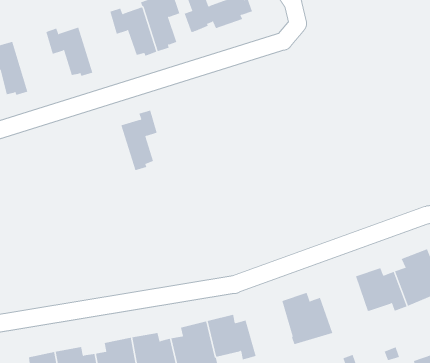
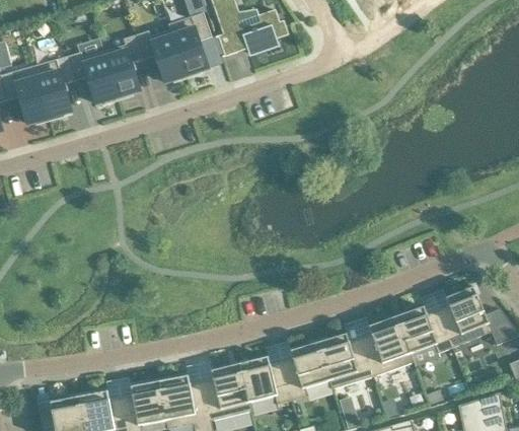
building: none -> [33,56,75,120]
building: [120,110,158,171] -> [103,34,143,99]
building: none -> [360,315,414,376]
building: none -> [281,342,329,401]

